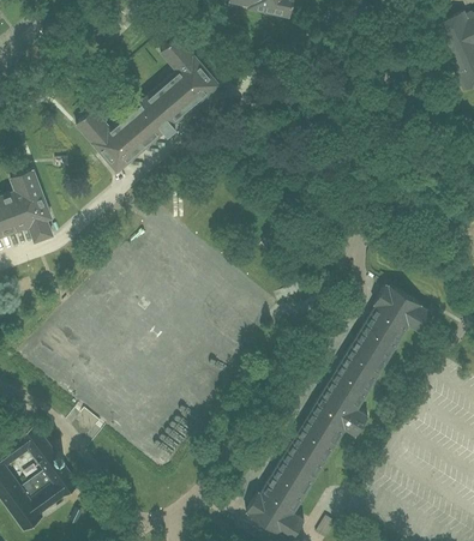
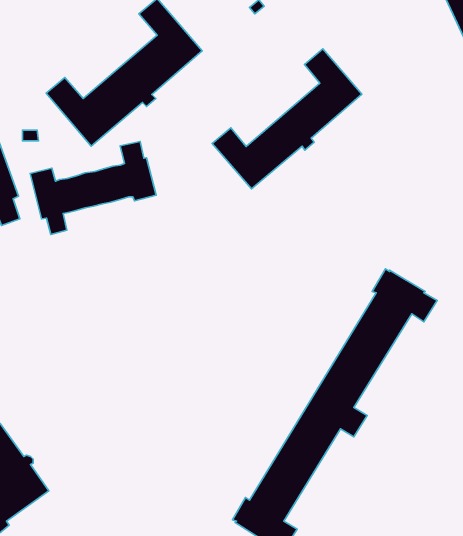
building: none -> [212,49,362,189]
building: none -> [30,141,156,234]

